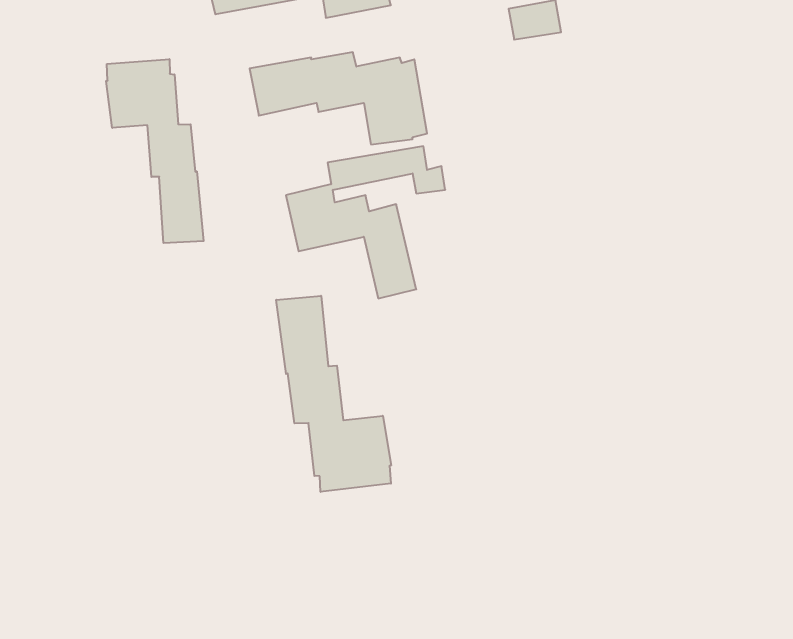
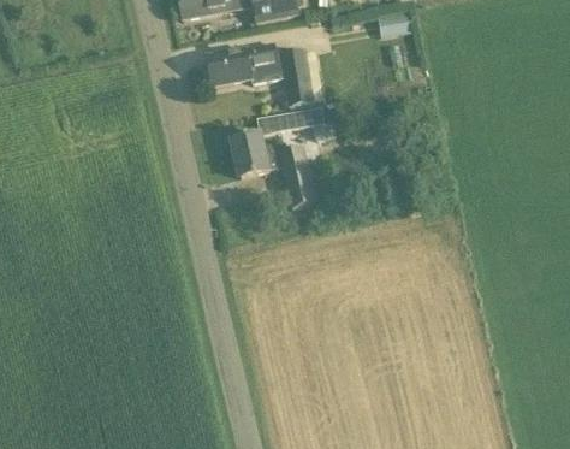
building: [106,59,204,243] -> none
building: [276,296,391,492] -> none

